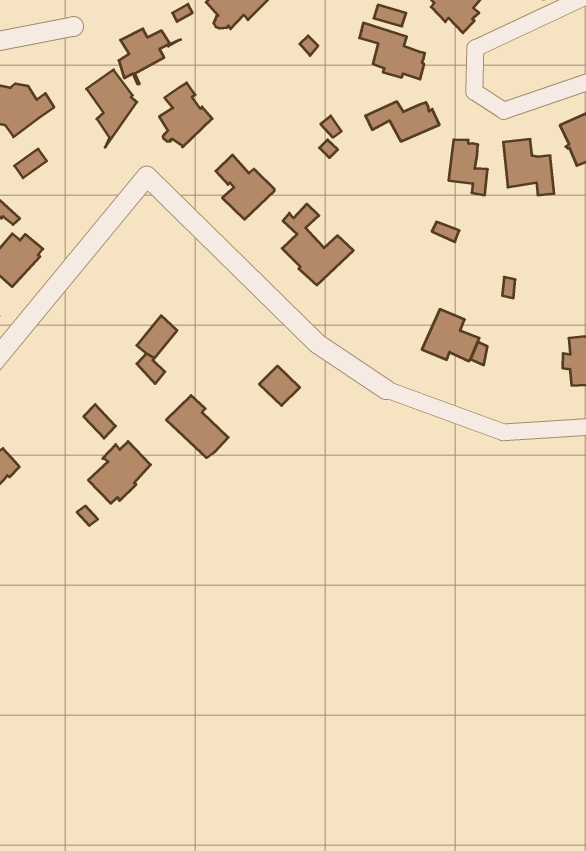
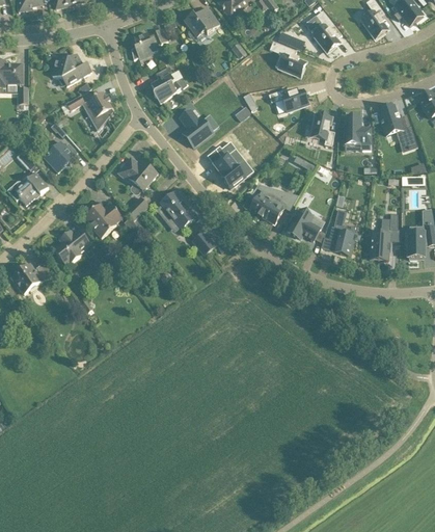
building: [86,70,137,147] -> [86,90,114,134]
building: none -> [117,156,157,189]
building: none -> [249,189,292,222]
building: none -> [328,208,354,255]
building: none -> [84,202,121,237]
building: [166,395,228,458] -> [160,190,194,227]
building: [88,441,151,503] -> [53,228,89,262]

